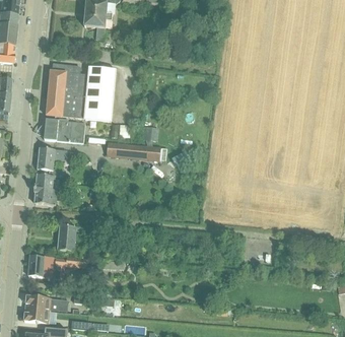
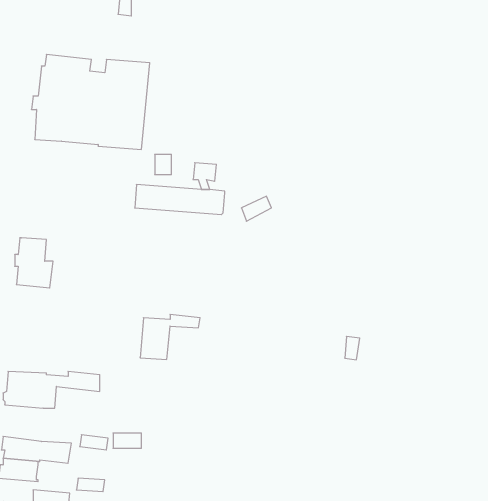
building: [44,118,85,142] -> none
building: [38,148,67,177] -> none
building: [58,223,94,251] -> [140,314,200,359]

